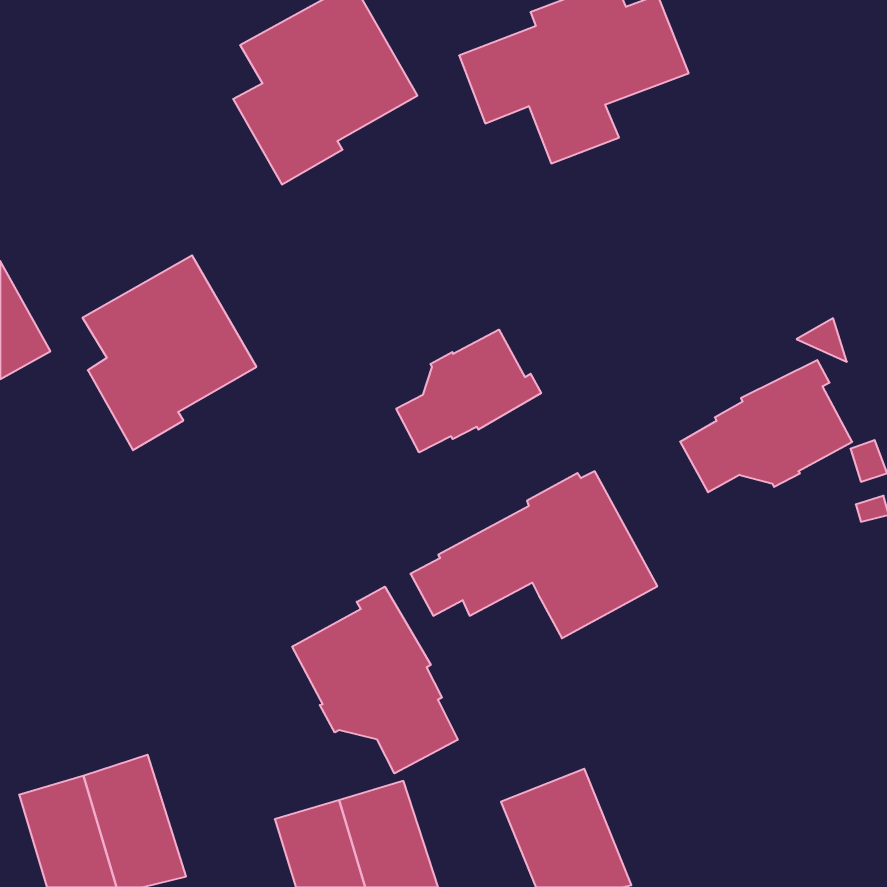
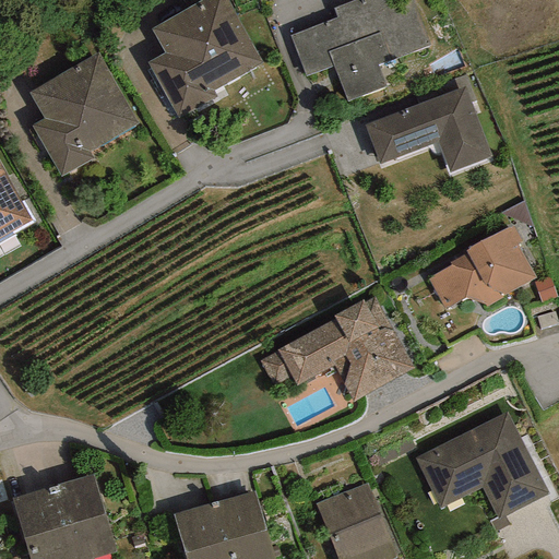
building: none -> [366,86,492,171]
building: [82,255,256,450] -> [29,53,139,176]
building: [396,330,541,452] -> none
building: [292,587,458,773] -> none
building: none -> [415,412,547,516]

